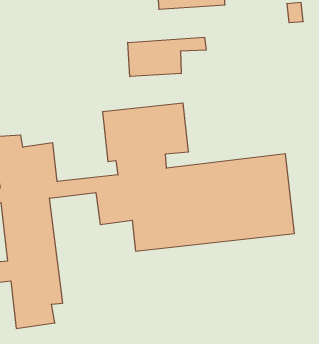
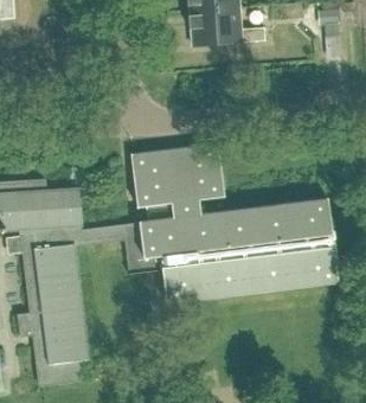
building: [128,37,206,77] -> none

